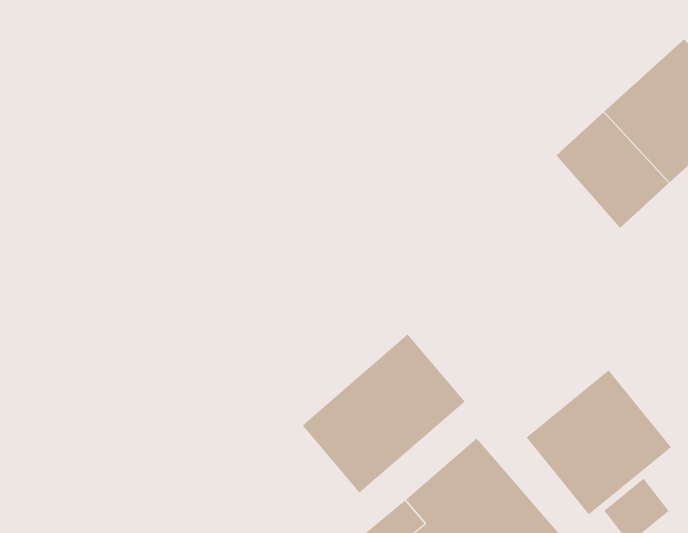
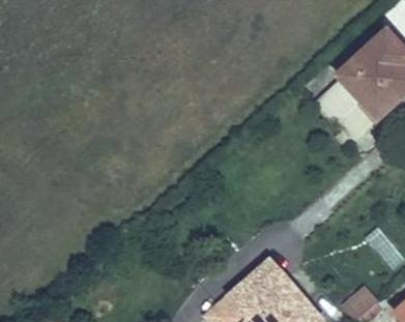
building: [302,334,466,493] -> none
building: [526,369,672,515] -> none

